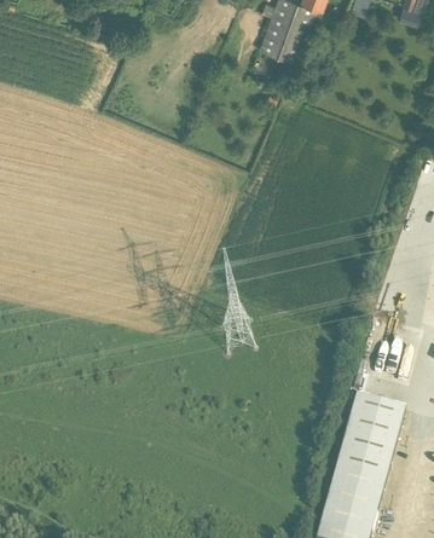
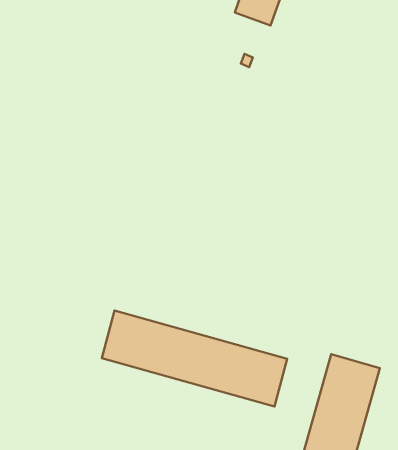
building: none -> [102,311,287,407]

